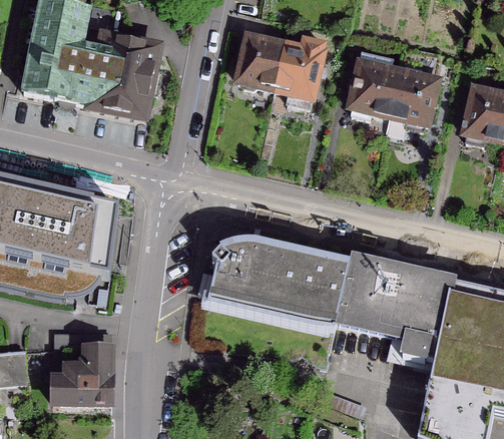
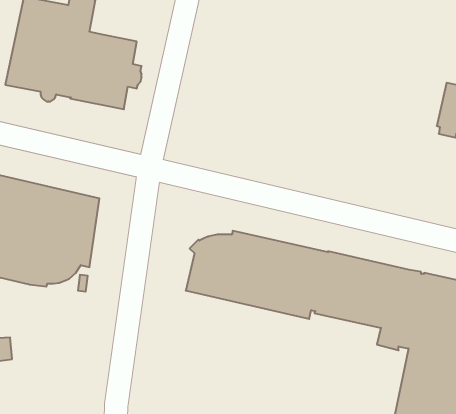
building: [235,34,325,105] -> none
building: [348,43,437,127] -> none
building: [50,330,109,400] -> none

